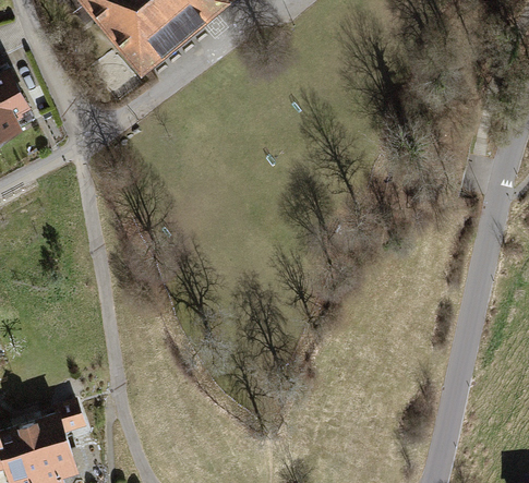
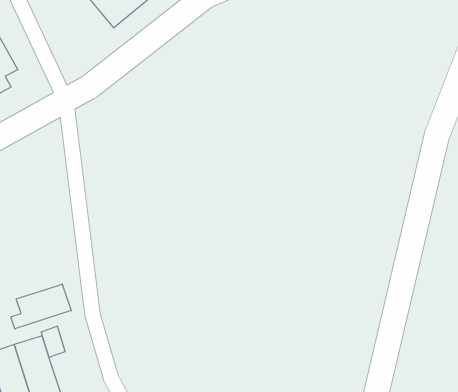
building: none -> [11,284,71,329]

